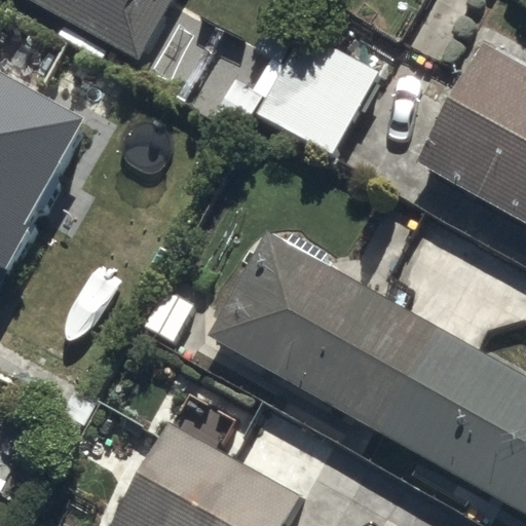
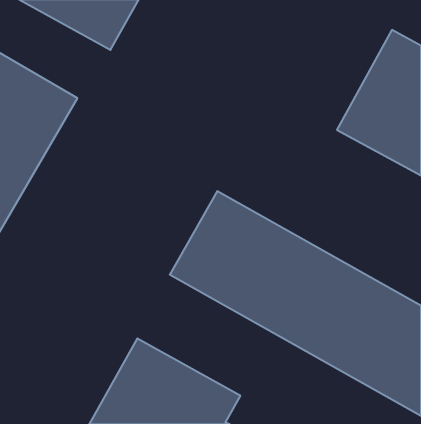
building: [266,34,383,157] -> none

